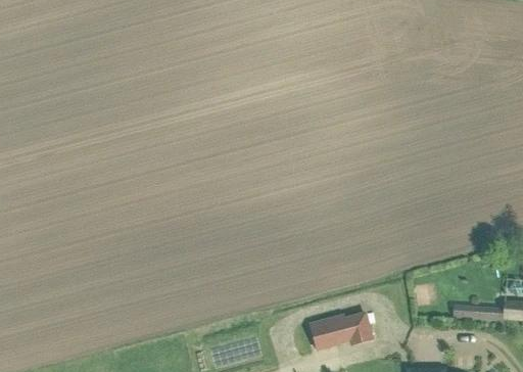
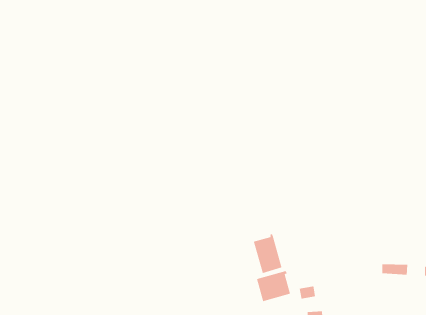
building: none -> [253,234,282,274]

